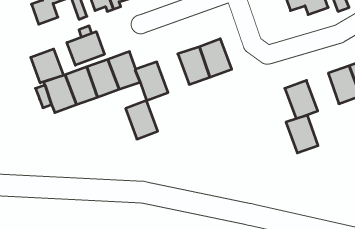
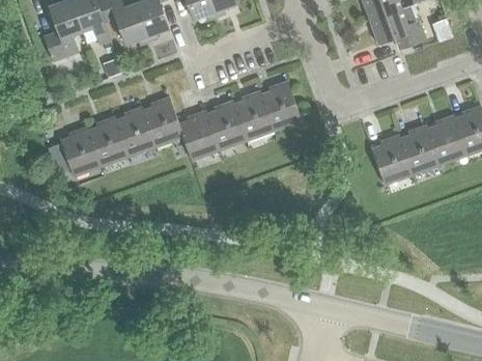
building: [67,32,104,65] -> none
building: [31,49,64,83] -> none
building: [126,101,158,139] -> [205,101,247,150]
building: [286,115,318,153] -> [398,126,440,174]

